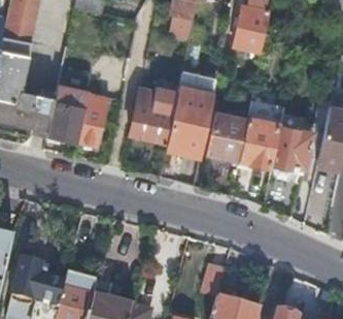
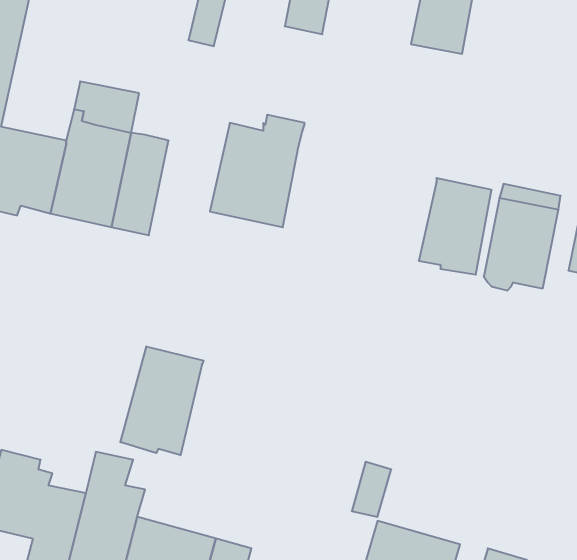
building: [167,87,213,154] -> none
building: [208,110,248,158] -> none
building: none -> [120,346,204,455]

